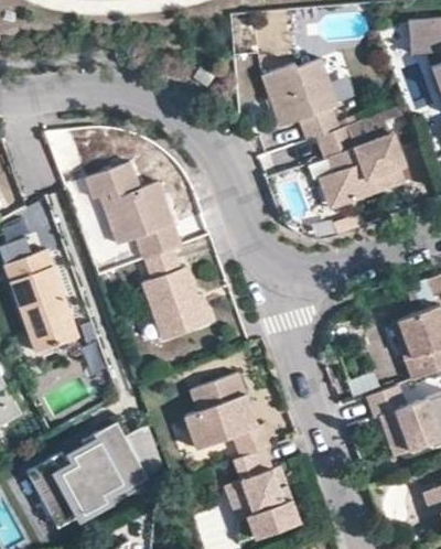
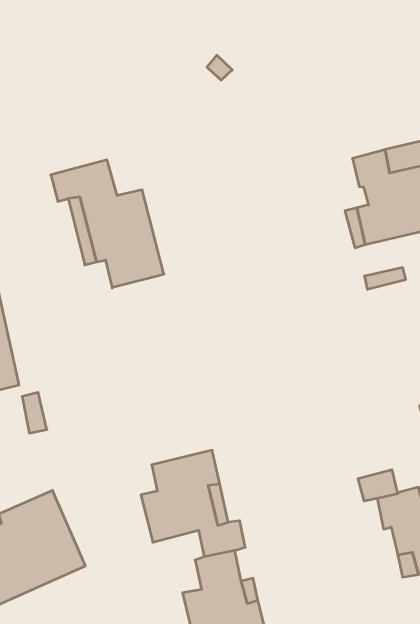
building: [261,60,340,141] -> none
building: [143,247,209,338] -> none

